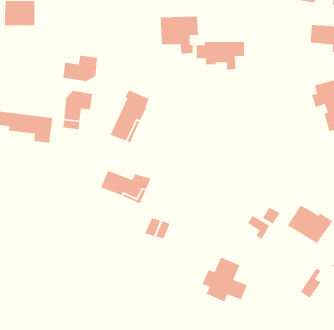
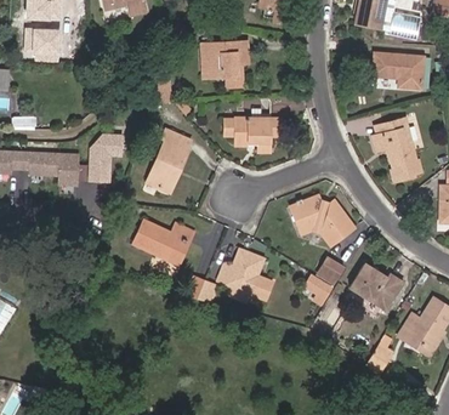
building: [196,41,245,71] -> [226,119,283,153]
building: [63,55,98,82] -> none
building: none -> [291,198,352,246]
building: [202,256,248,303] -> [218,251,272,305]

